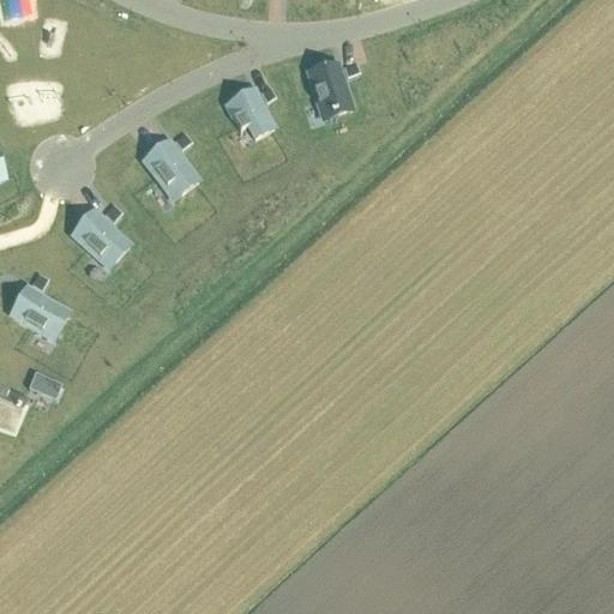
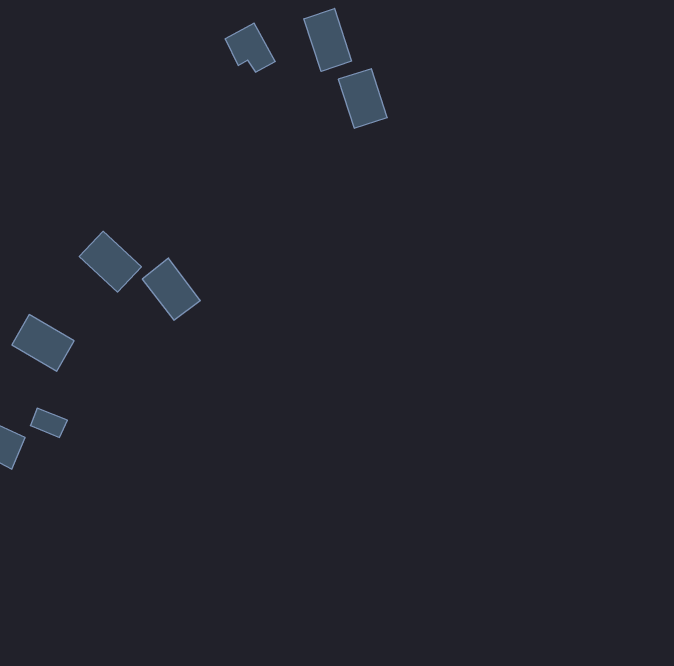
building: none -> [304,8,352,71]
building: [227,90,272,134] -> [225,23,275,72]
building: [144,140,197,197] -> [142,258,200,320]

